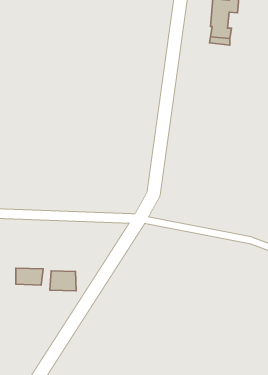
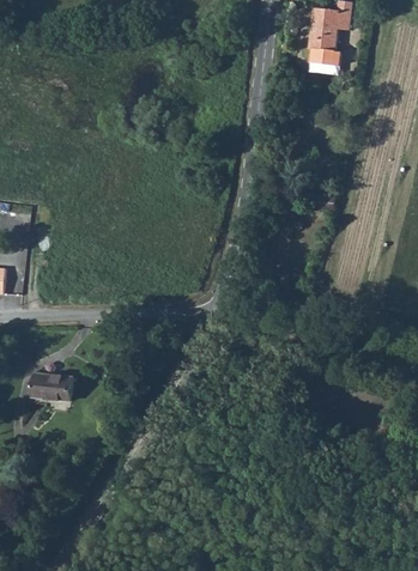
building: [50,271,76,291] -> none

